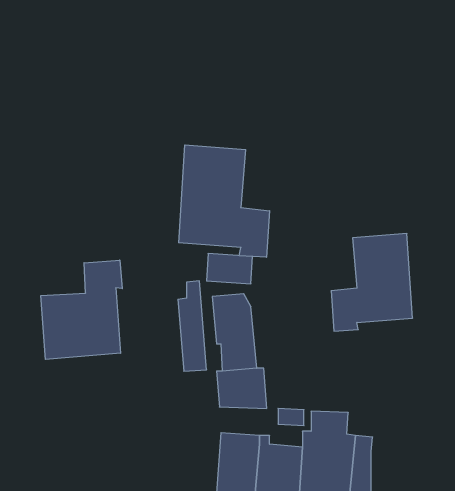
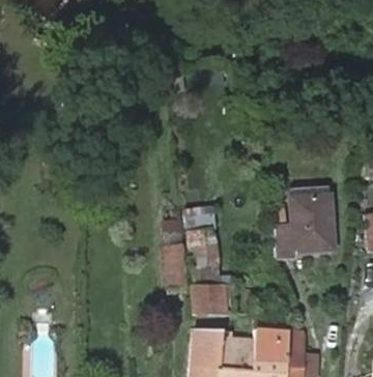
building: [179,145,270,257] -> none
building: [41,260,122,359] -> none

